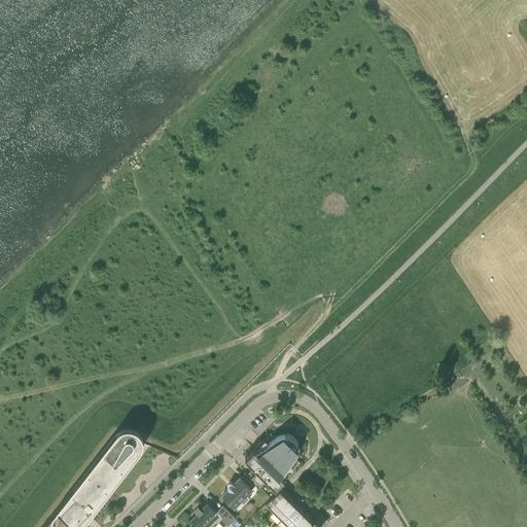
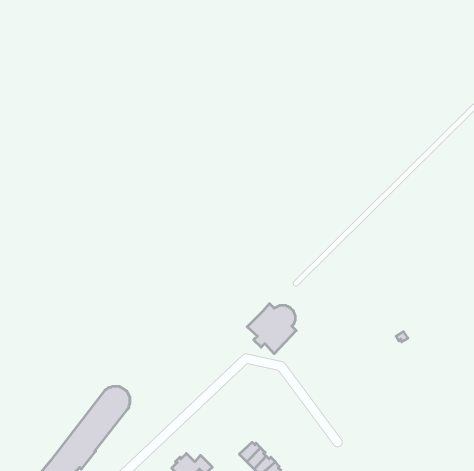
building: [245,436,300,492] -> [247,304,296,354]
building: [222,480,256,511] -> none

